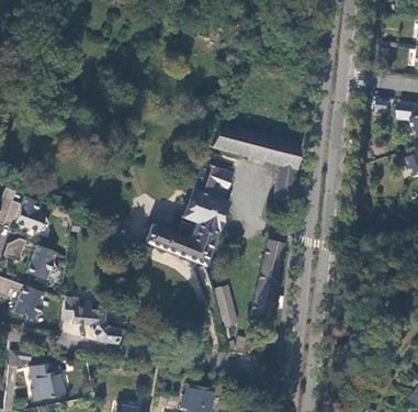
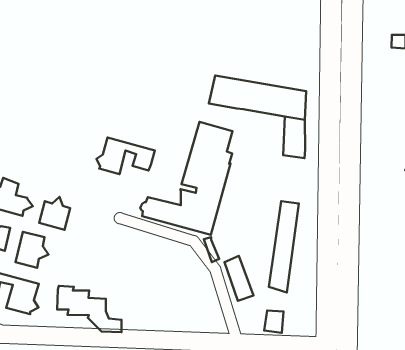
building: none -> [96,137,155,174]
building: none -> [39,197,70,230]

